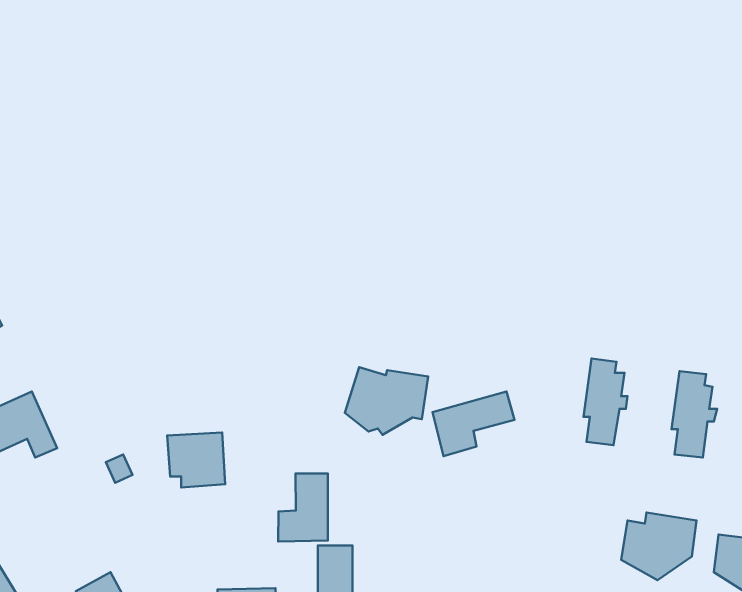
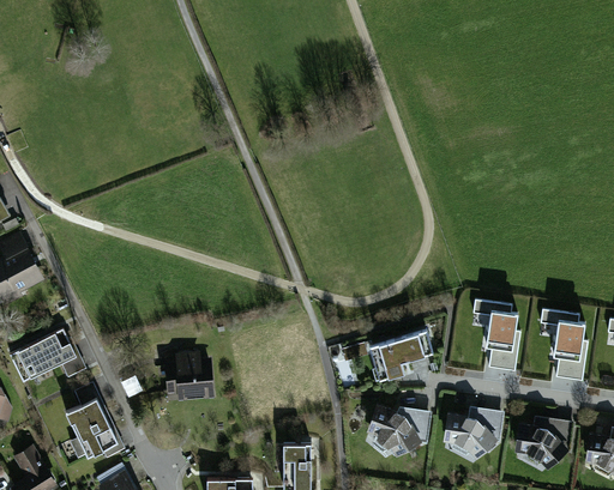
building: [345,367,428,435] -> [366,409,429,460]
building: [278,473,328,542] -> none
building: none -> [64,395,116,458]
building: none -> [444,412,501,462]

